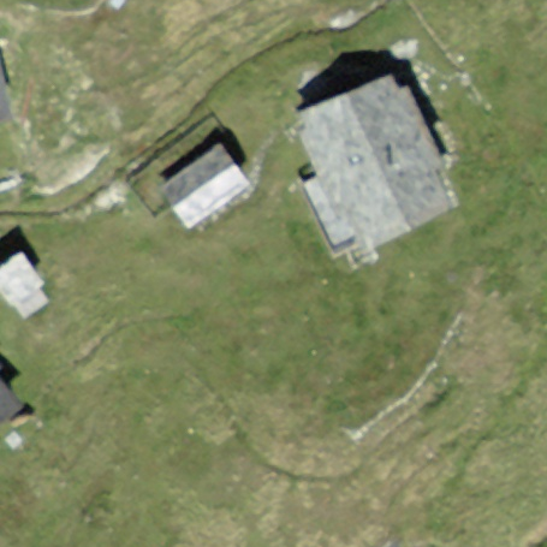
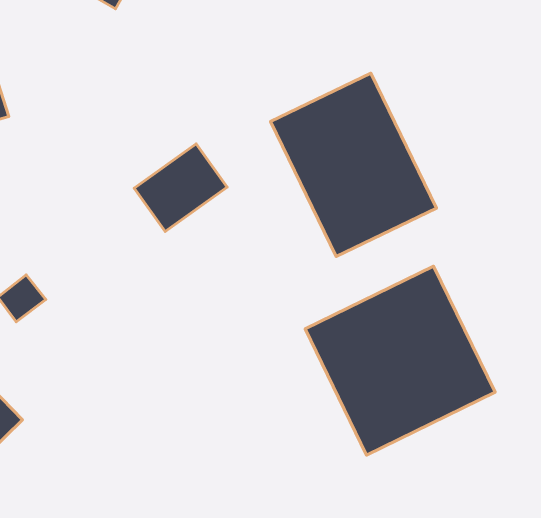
building: none -> [305,266,495,455]

